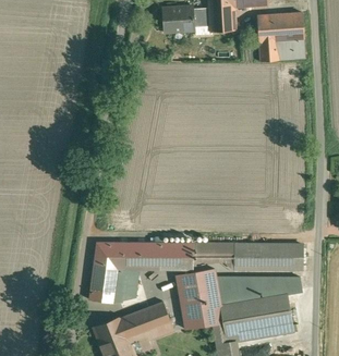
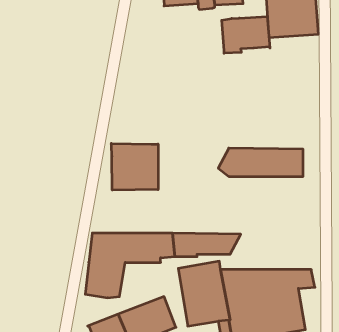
building: none -> [222,16,270,53]
building: none -> [111,143,158,190]
building: [225,244,303,270] -> [218,148,303,176]

